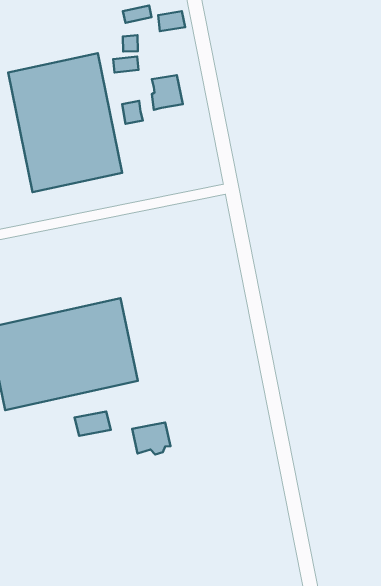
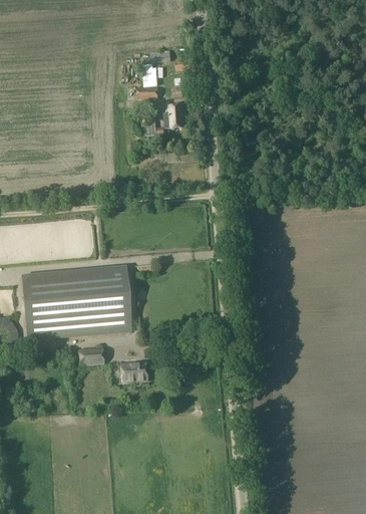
building: [8,53,122,192] -> none

